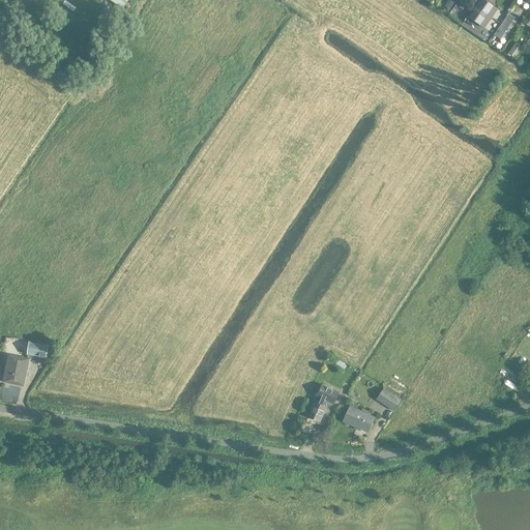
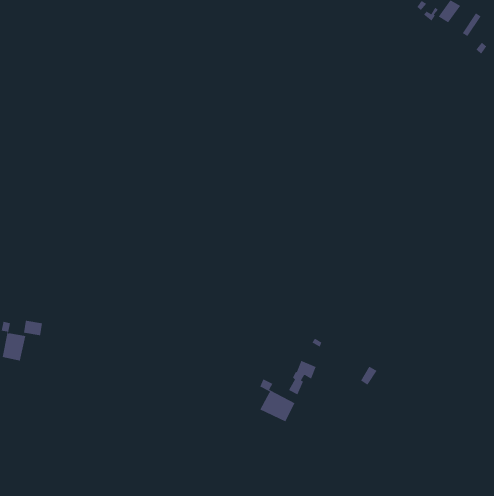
building: [340,401,376,433] -> none
building: none -> [259,378,295,422]

